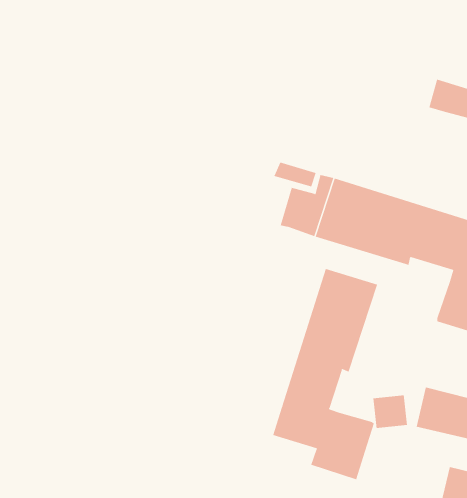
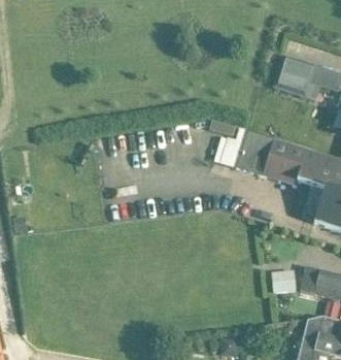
building: none -> [274,56,313,97]
building: [273,268,378,480] -> none

